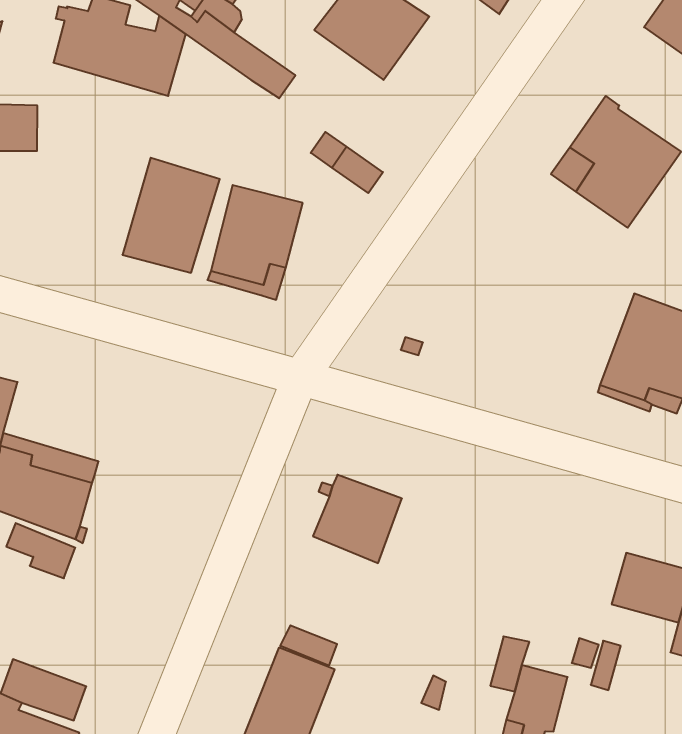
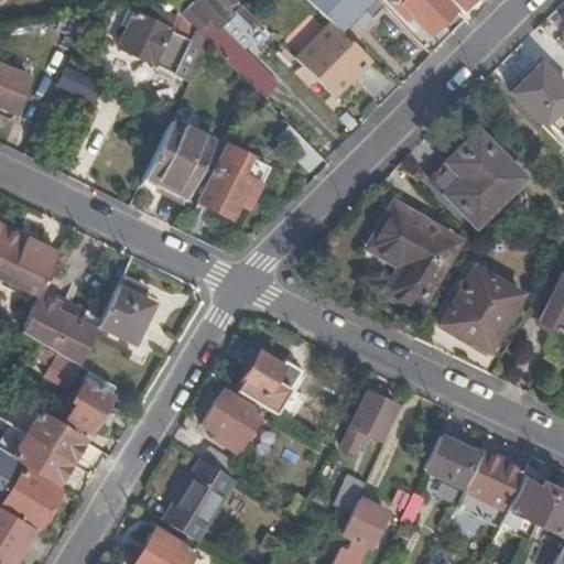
building: none -> [373,204,459,311]
building: none -> [100,276,153,341]
building: none -> [343,391,398,453]
building: none -> [203,388,263,447]
building: none -> [68,380,110,430]
building: none -> [25,413,83,462]

